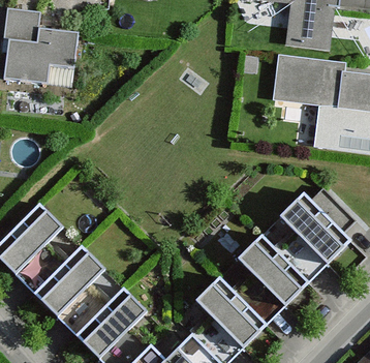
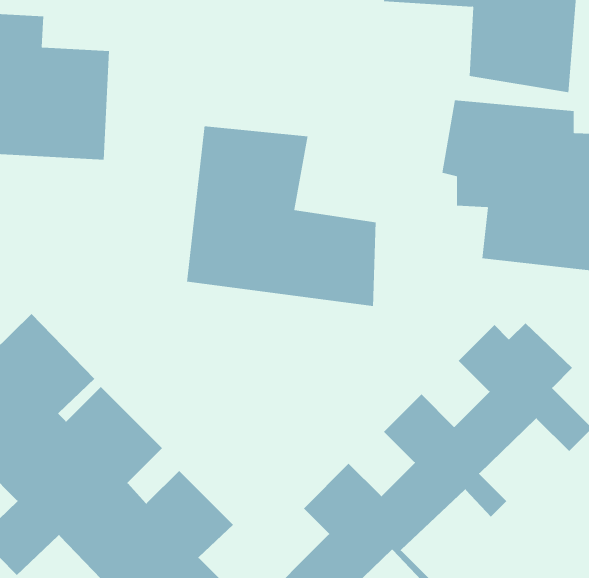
building: none -> [186,126,376,307]

